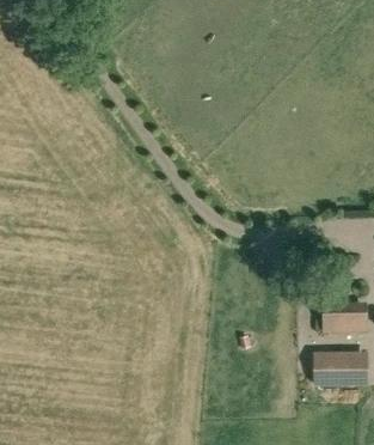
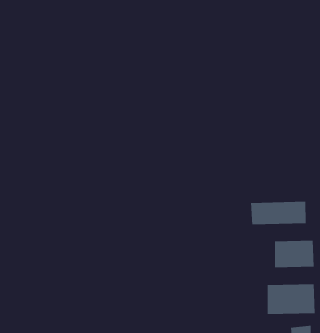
building: none -> [250,201,306,225]

